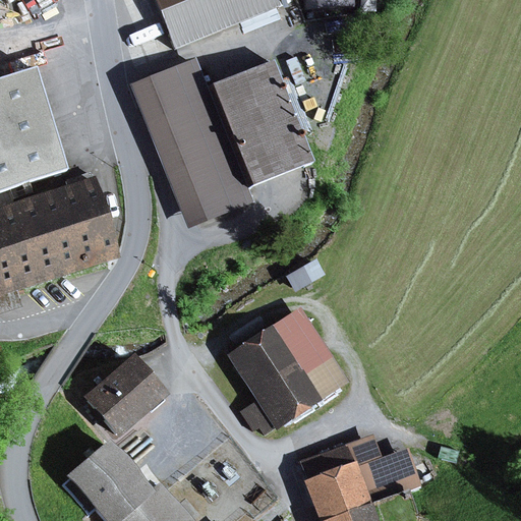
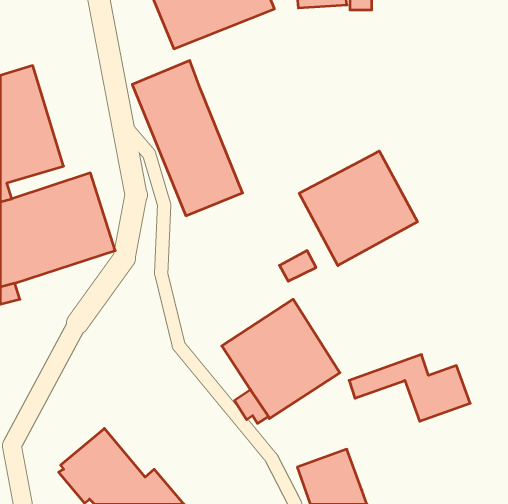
building: [205,61,317,197] -> none
building: none -> [299,151,417,266]
building: [83,354,165,435] -> none
building: [298,433,422,502] -> [349,355,470,421]

